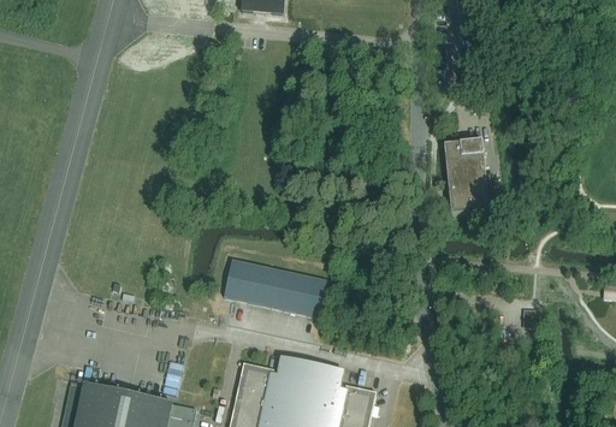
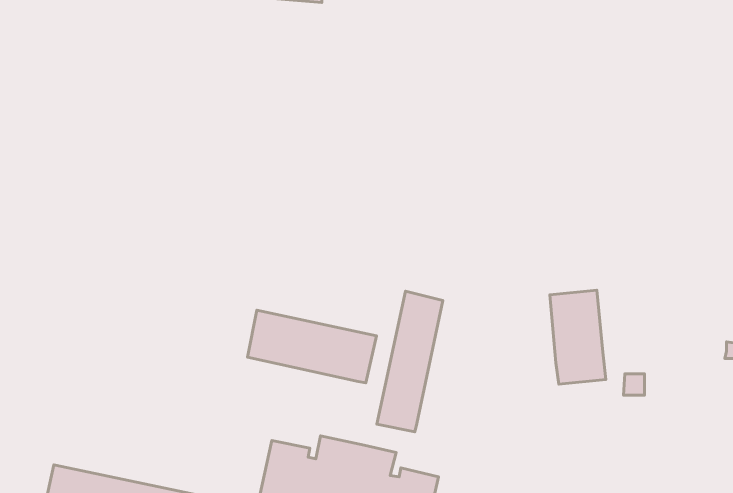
building: [444,140,488,214] -> [550,290,606,384]
building: none -> [377,291,443,432]

